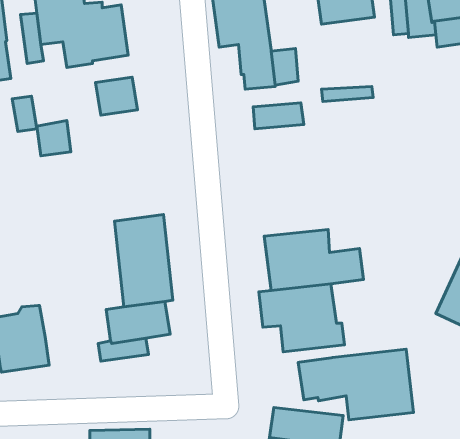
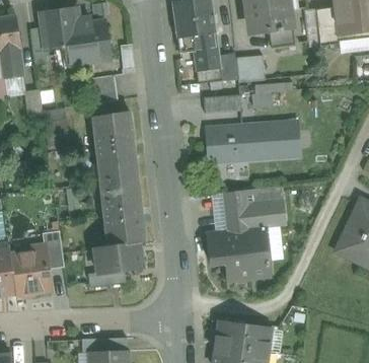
building: none -> [235,57,265,82]
building: none -> [92,111,137,183]
building: none -> [206,121,300,163]
building: none -> [43,230,64,269]
building: [298,349,414,420] -> none

